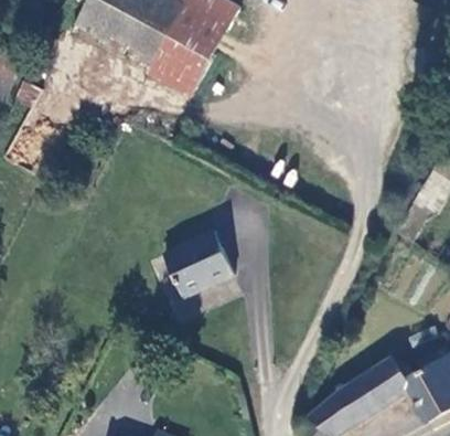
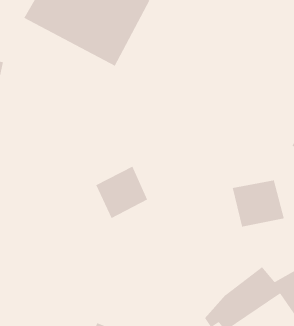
building: none -> [232,179,285,227]

